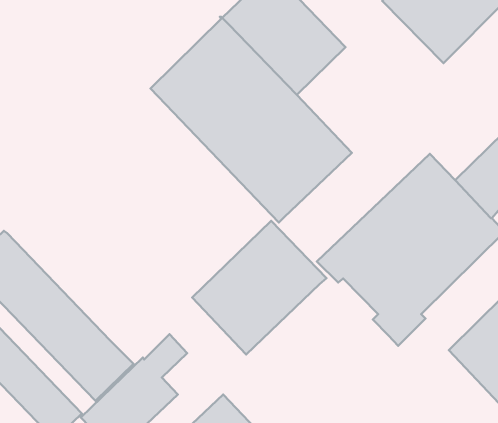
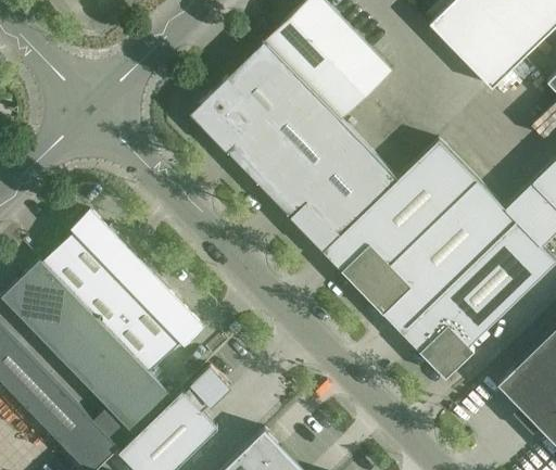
building: none -> [328,140,478,292]
building: none -> [42,211,202,373]
building: [192,221,326,354] -> none

